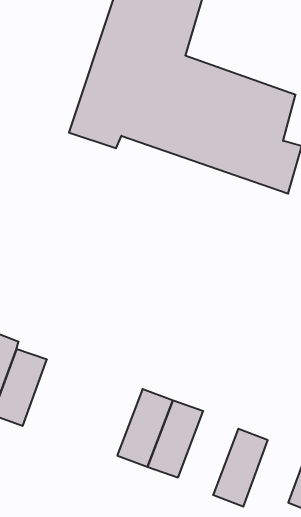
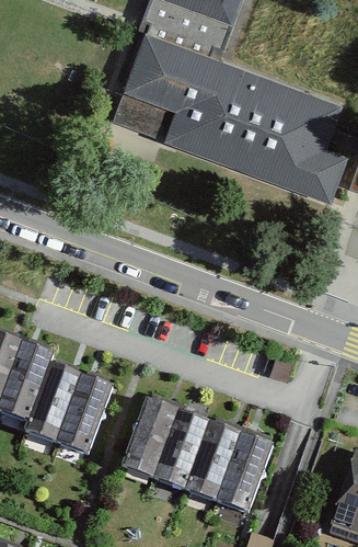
building: none -> [55,377,112,458]
building: none -> [122,396,180,477]
building: [213,429,268,506] -> [217,431,274,512]

